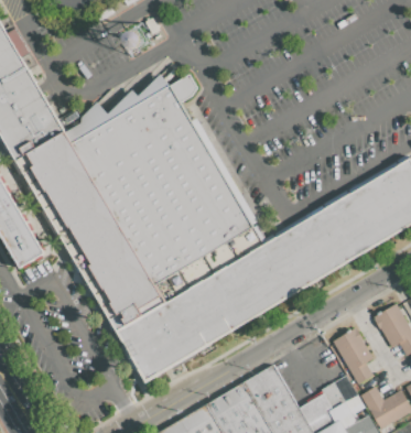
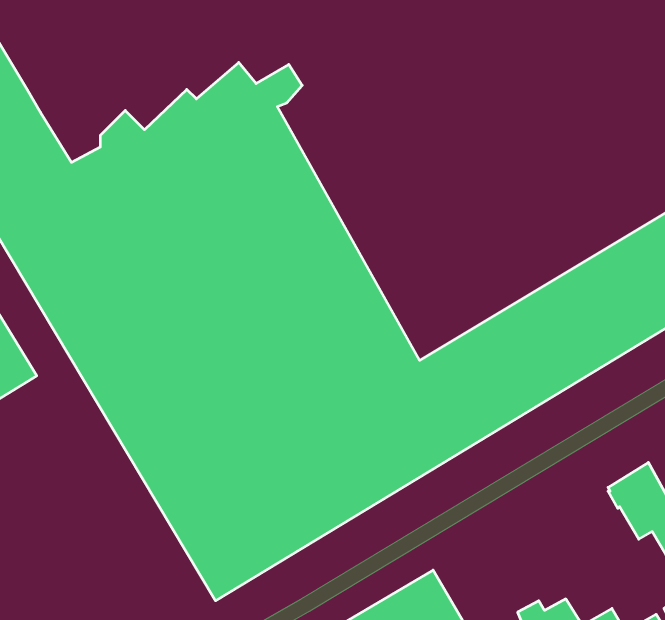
building: [328,327,372,385] -> none

